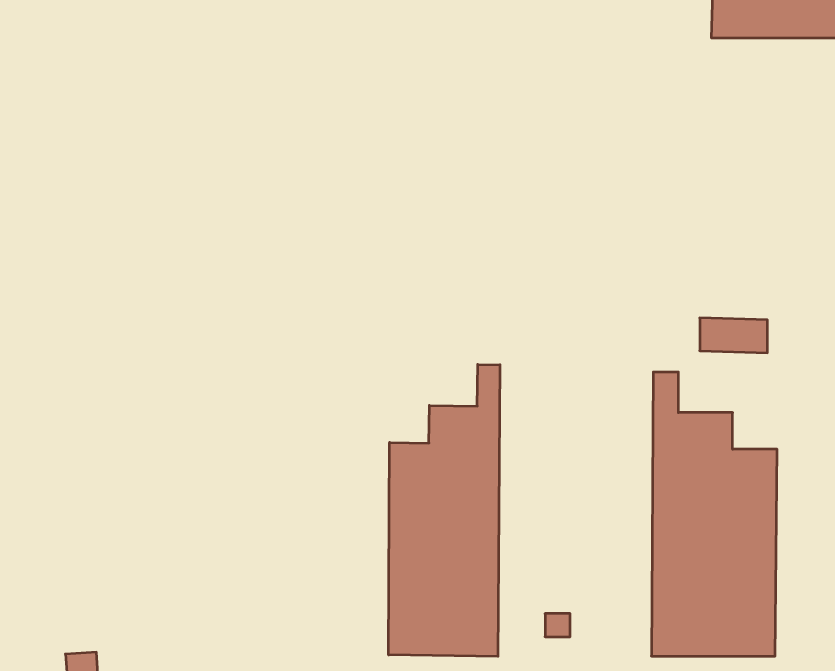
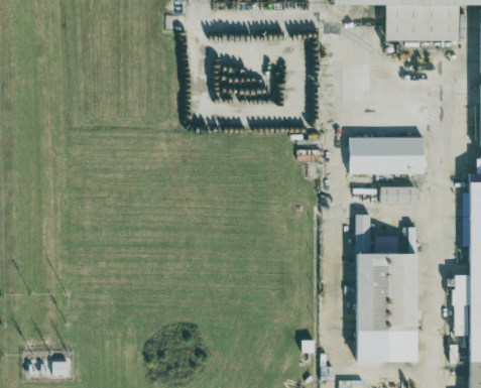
building: none -> [352,136,428,173]
building: [389,364,500,656] -> none

